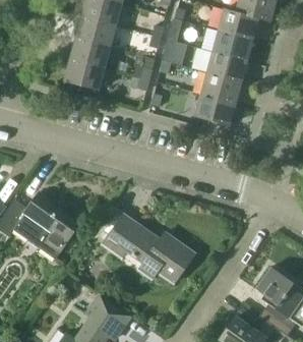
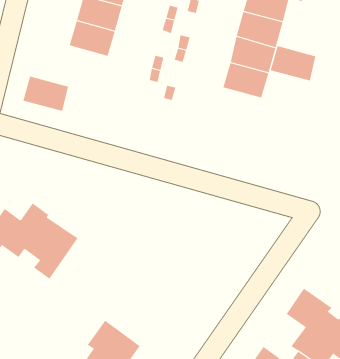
building: [63,59,103,90] -> [22,76,69,112]
building: [194,95,234,125] -> [270,45,316,81]
building: [102,215,194,283] -> none

